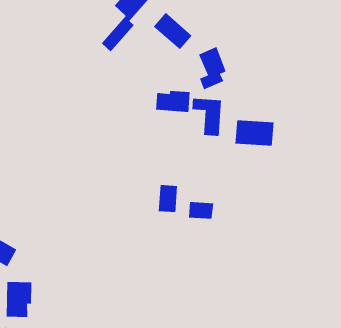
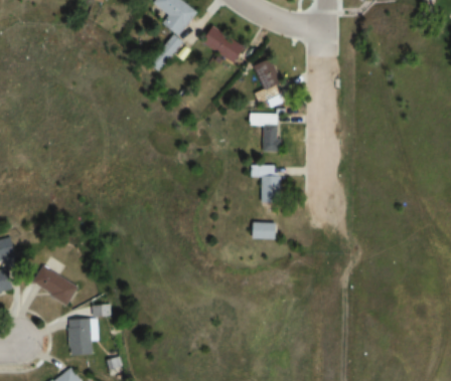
building: [156,90,190,113] -> none
building: [235,119,274,147] -> none
building: [158,185,178,213] -> [263,175,282,203]

